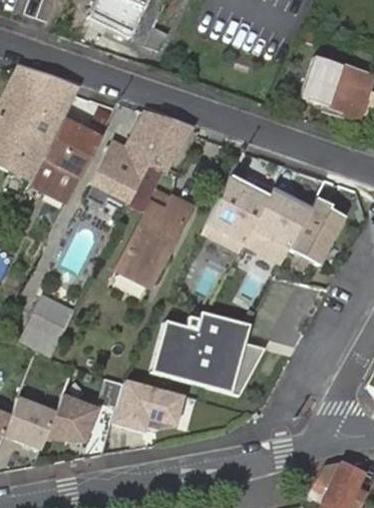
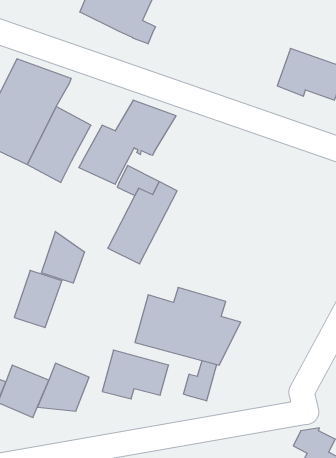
building: [202,175,346,265] -> none
building: none -> [41,231,84,283]
building: none -> [183,361,217,401]

